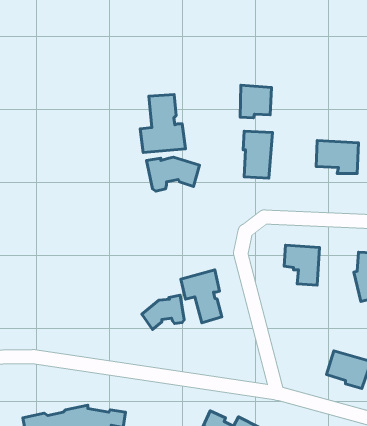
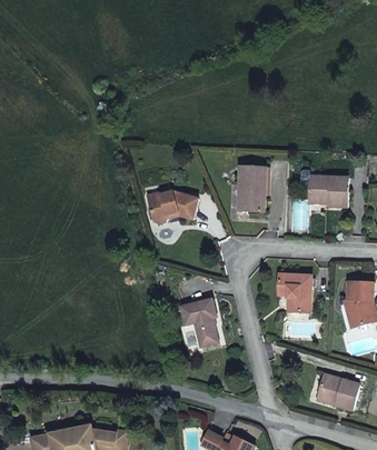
building: [240,85,272,118] -> none
building: [140,94,186,153] -> none
building: [142,295,184,330] -> none

